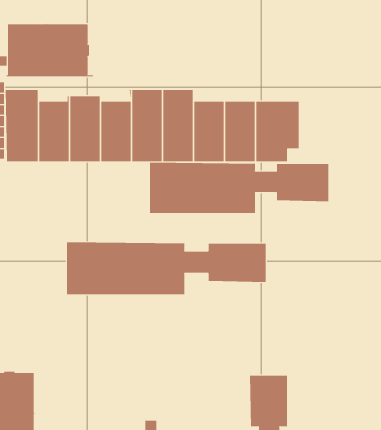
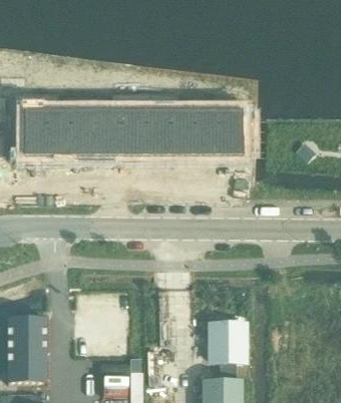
building: [6,22,93,77] -> none
building: [149,162,329,214] -> none
building: [67,241,266,295] -> none

